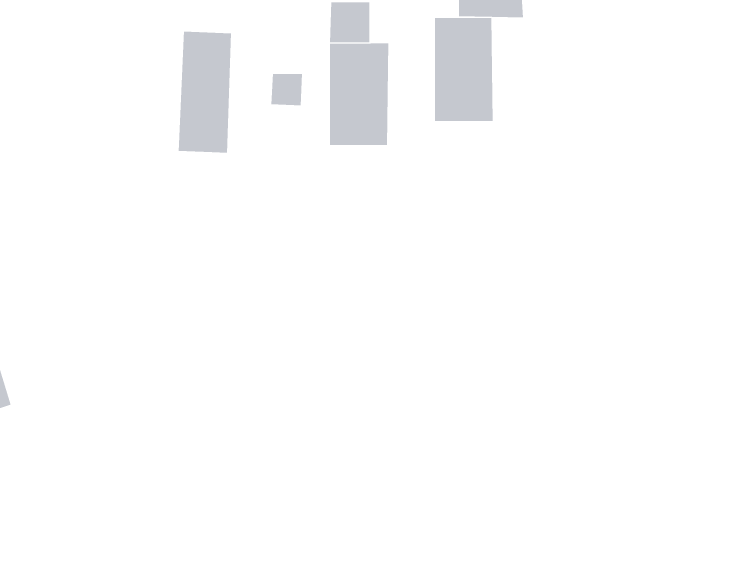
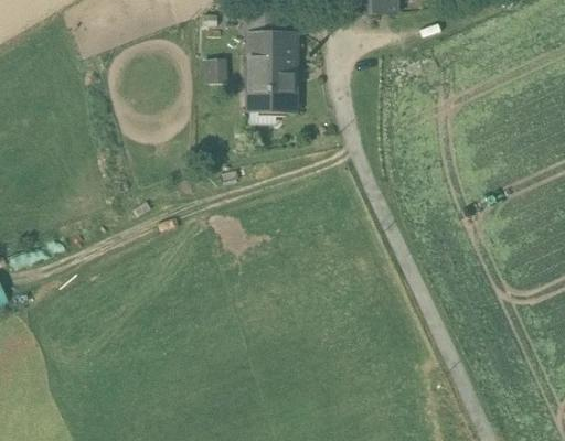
building: [435,17,493,122] -> none
building: [178,31,232,154] -> none

